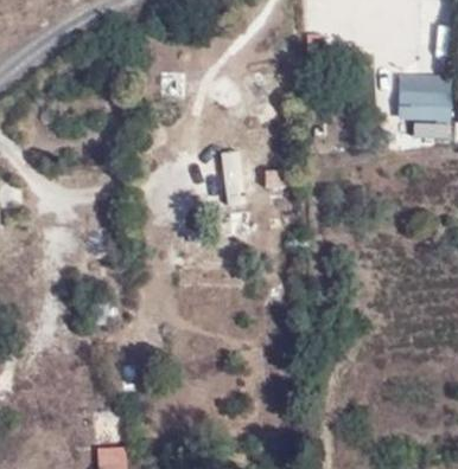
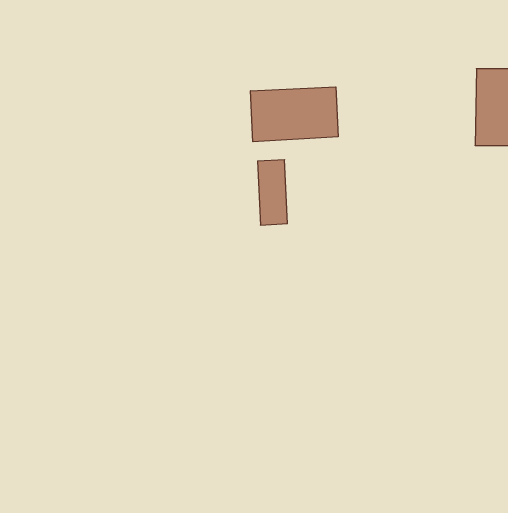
building: none -> [251,87,338,142]

